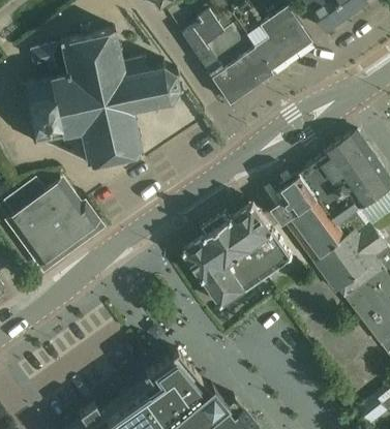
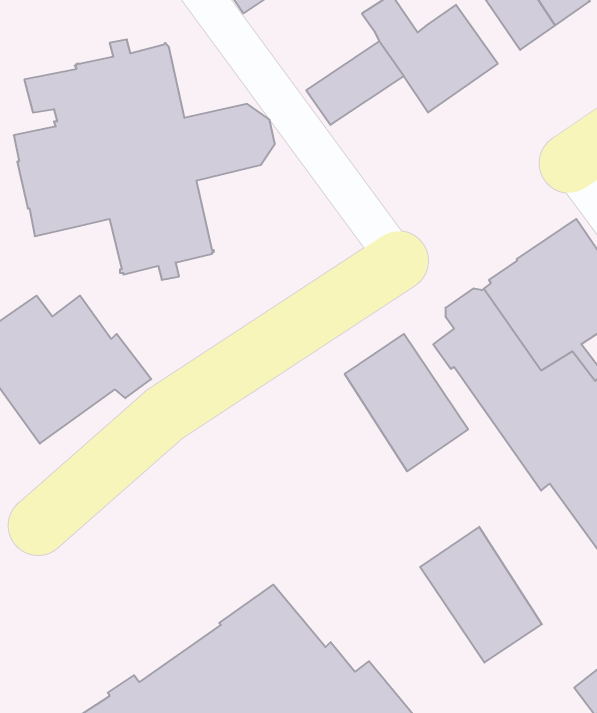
building: [183,11,241,57] -> none
building: [211,49,272,104] -> none
building: [185,225,258,306] -> [420,527,542,663]

